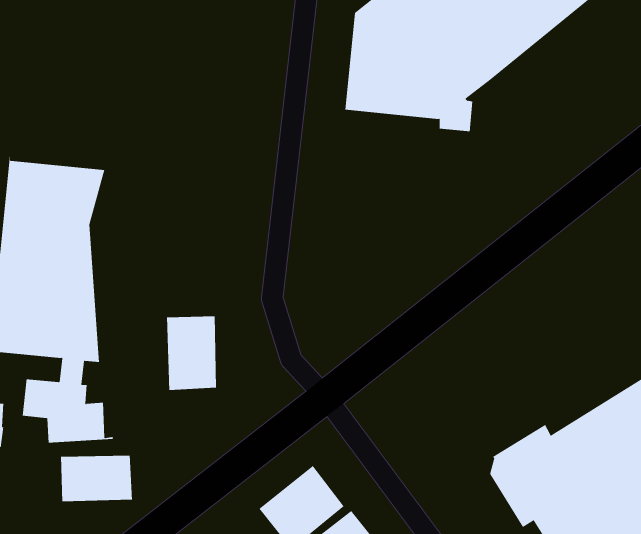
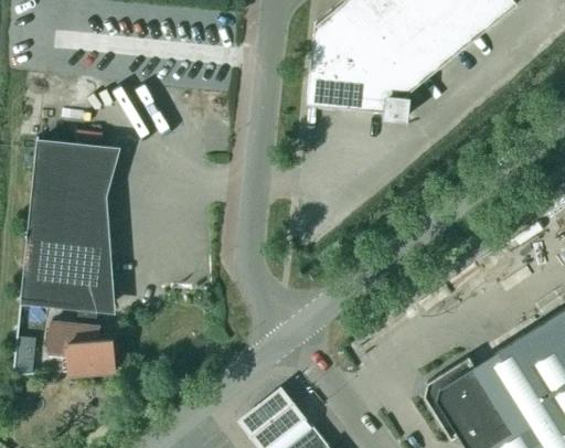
building: [166,315,216,391] -> none
building: [60,455,133,502] -> none

